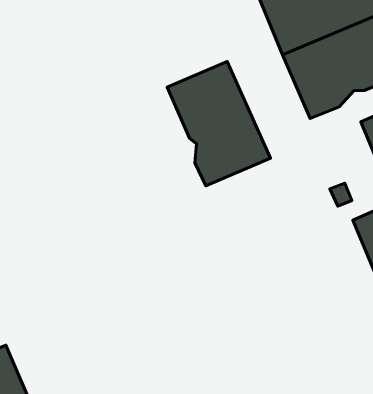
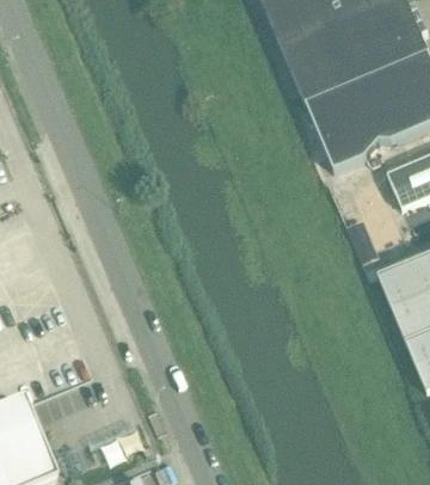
building: [167,61,270,186] -> none

